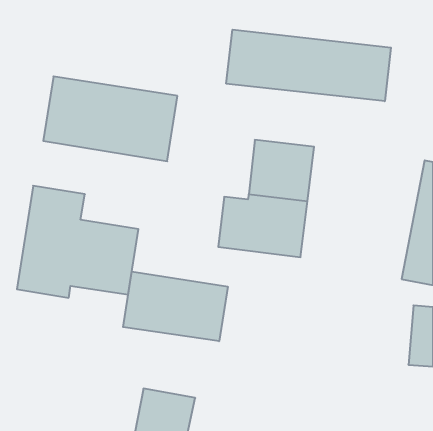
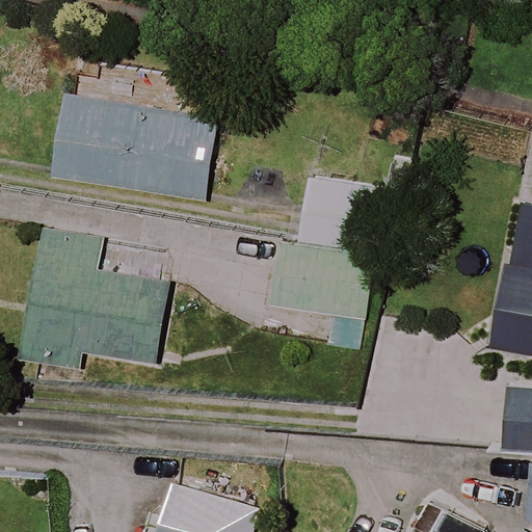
building: [226,30,391,101] -> none
building: [123,272,228,341] -> none

